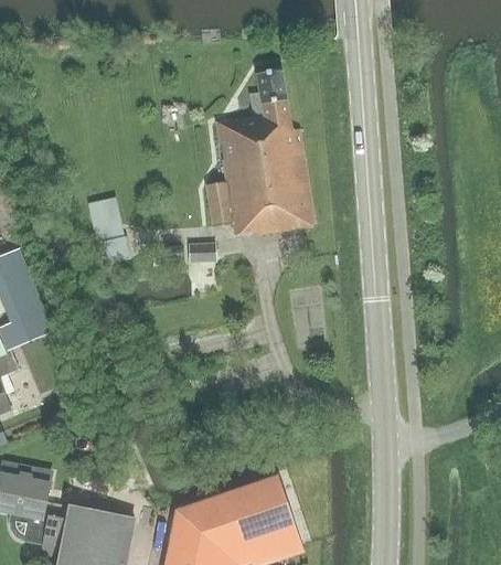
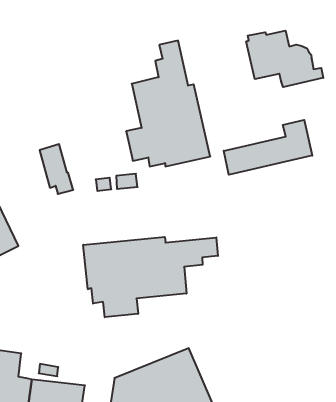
building: none -> [246,31,323,87]
building: none -> [224,120,312,175]
building: none -> [83,237,218,317]

